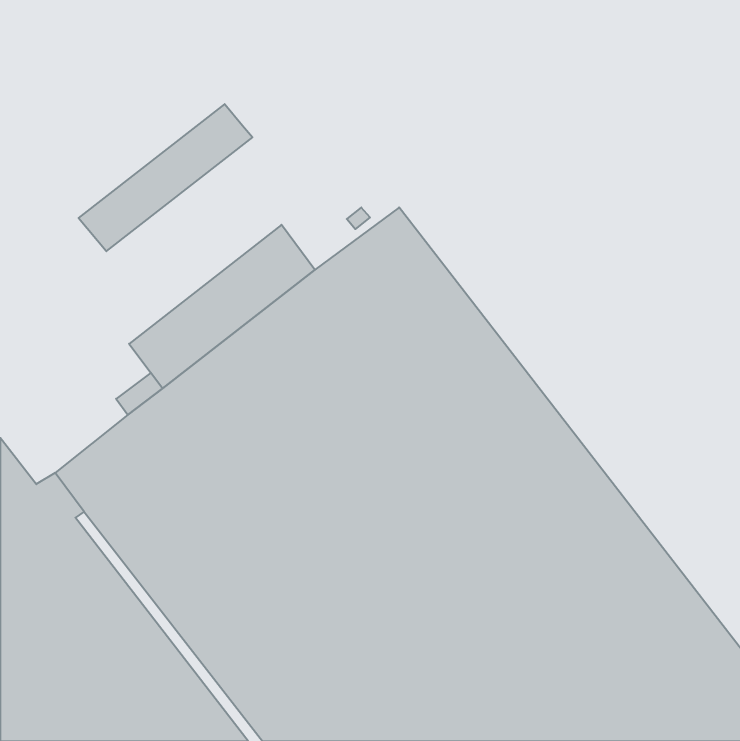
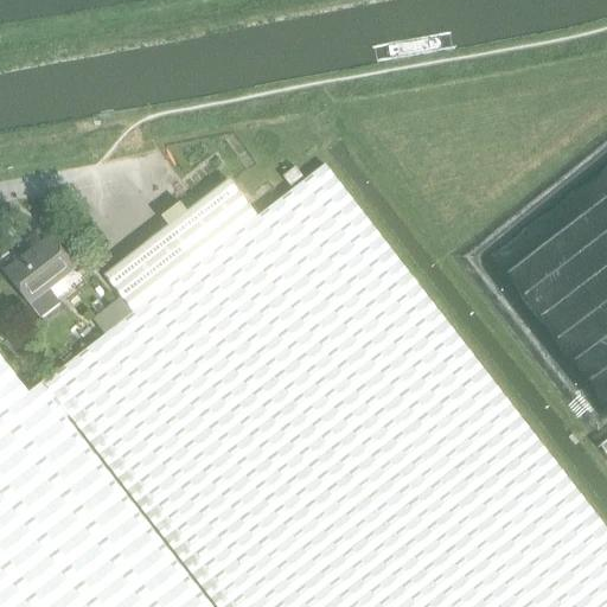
building: [79,104,252,251] -> none
building: none -> [11,241,76,321]

